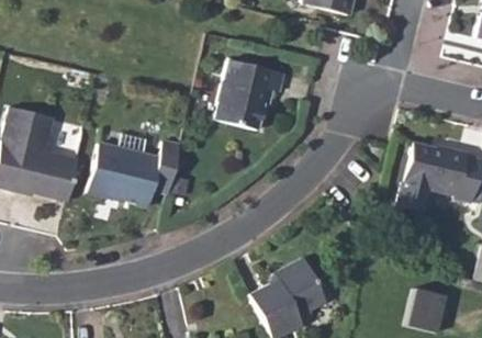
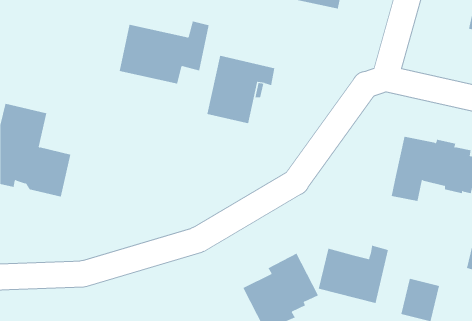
building: [89,143,180,206] -> [119,21,210,84]
building: none -> [318,245,389,304]

